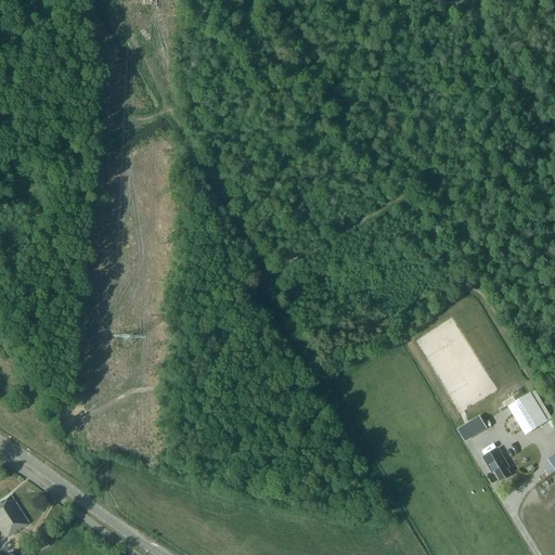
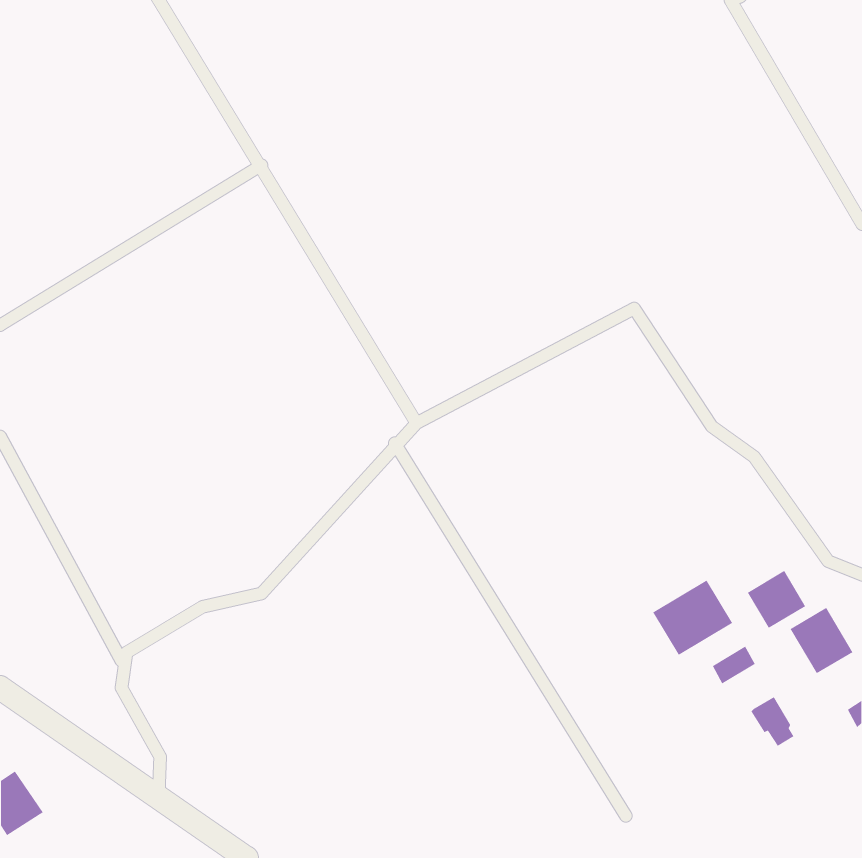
building: none -> [747,570,806,629]
building: none -> [652,579,733,656]

